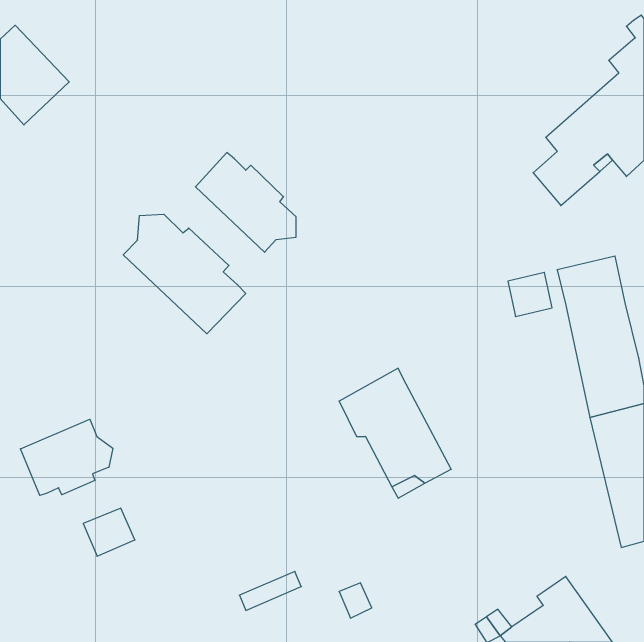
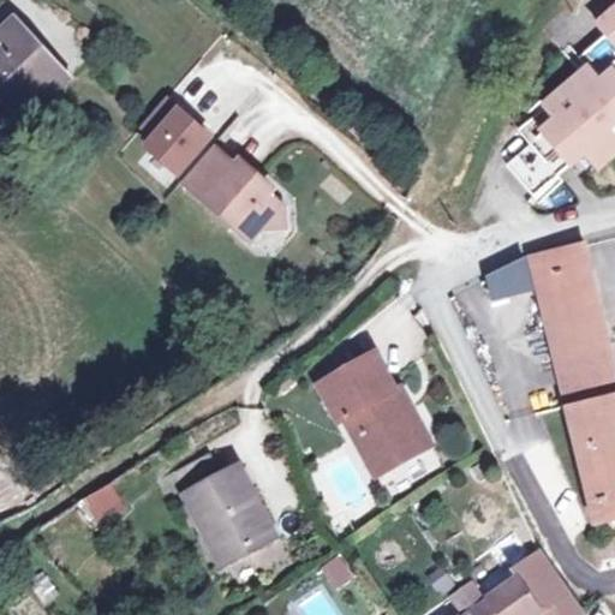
building: none -> [136,100,201,163]
building: [123,214,246,334] -> none
building: [20,419,113,495] -> none
building: none -> [161,452,277,562]

